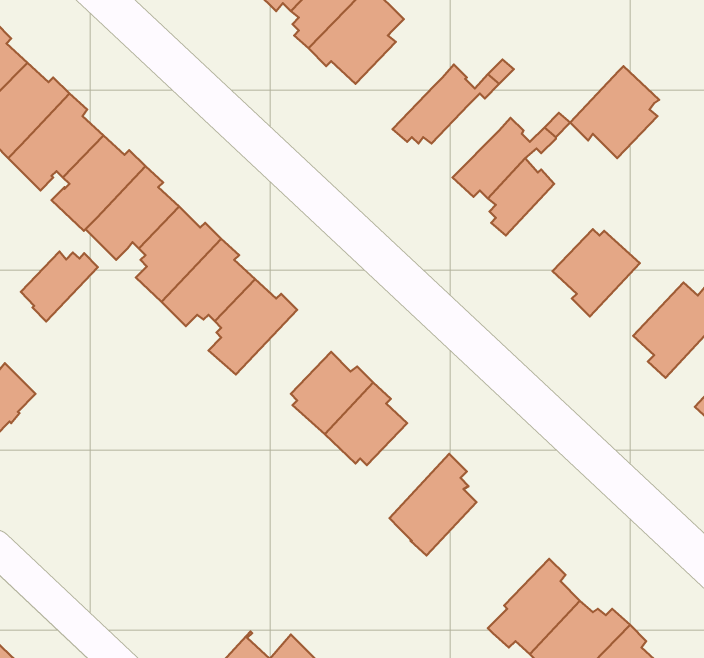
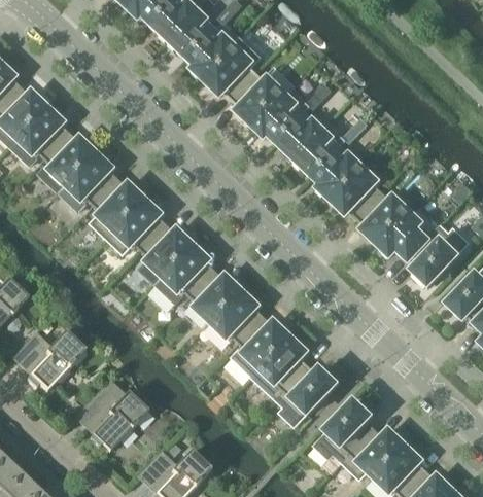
building: none -> [231,73,286,129]
building: [570,66,659,158] -> [326,161,383,219]
building: none -> [279,113,322,159]
building: [21,252,98,322] -> none
building: none -> [380,214,440,260]
building: none -> [154,244,215,306]
building: none -> [232,316,290,377]
building: none -> [15,329,83,391]
building: none -> [276,366,336,426]
building: none -> [78,379,146,451]

